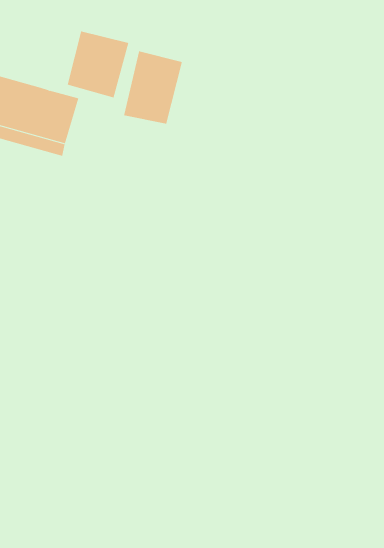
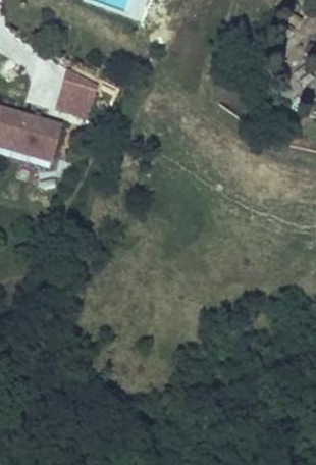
building: [123,51,182,125] -> none

